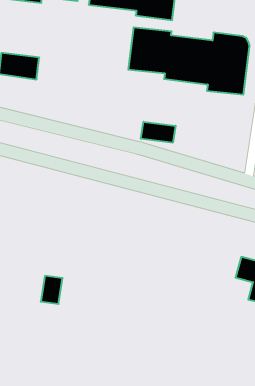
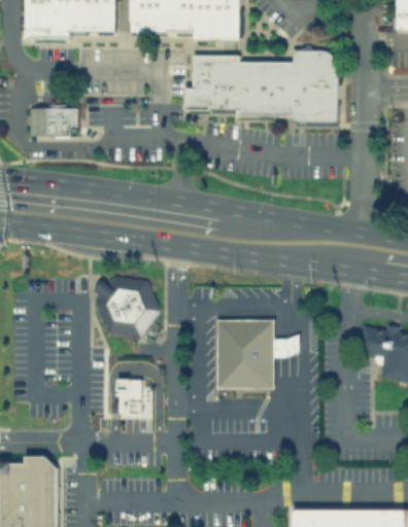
building: [141,122,176,143] -> none
building: none -> [93,276,159,337]
building: none -> [215,319,298,388]

